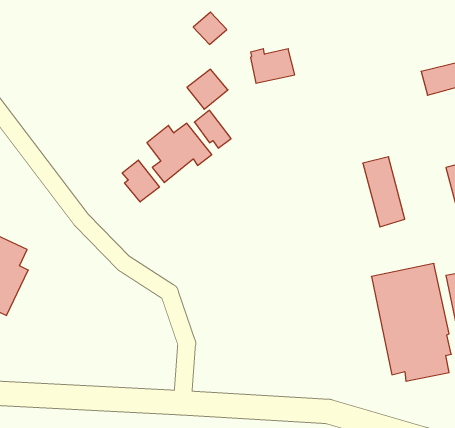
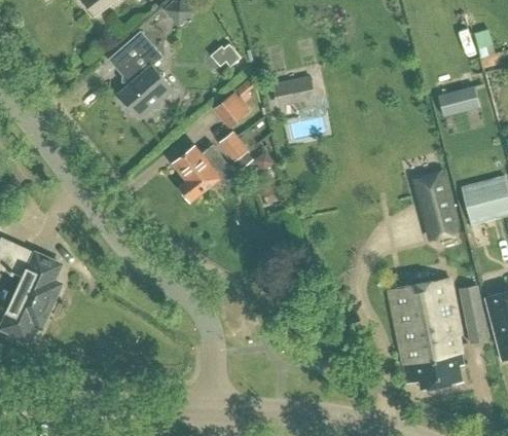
building: none -> [110,32,174,118]
building: [363,157,405,227] -> [418,172,458,239]
building: [122,160,159,202] -> none

